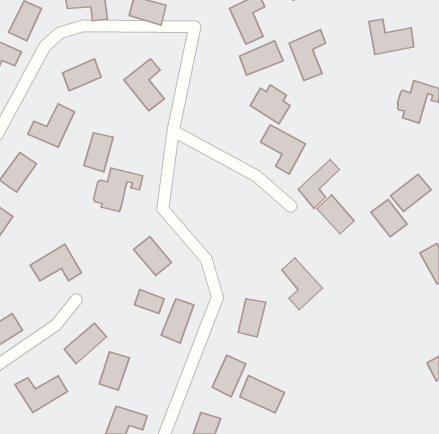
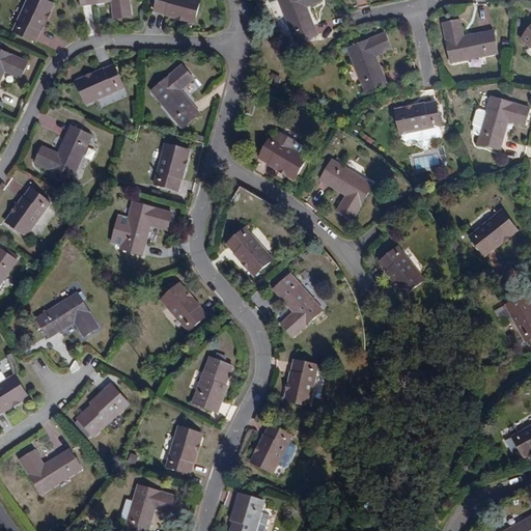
building: [240,41,283,75] -> none
building: none -> [396,99,442,133]
building: [250,85,290,124] -> [255,127,303,173]
building: [84,133,113,172] -> [153,143,189,190]
building: [298,159,339,209] -> none
building: none -> [226,225,272,272]
building: [371,200,407,237] -> none
building: [282,258,322,310] -> [274,272,323,334]
building: [135,290,164,314] -> none
building: [99,352,130,390] -> [165,427,201,473]
building: [240,375,284,413] -> none

